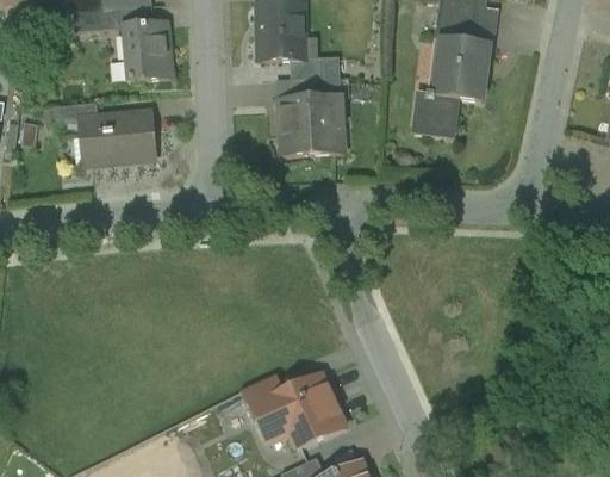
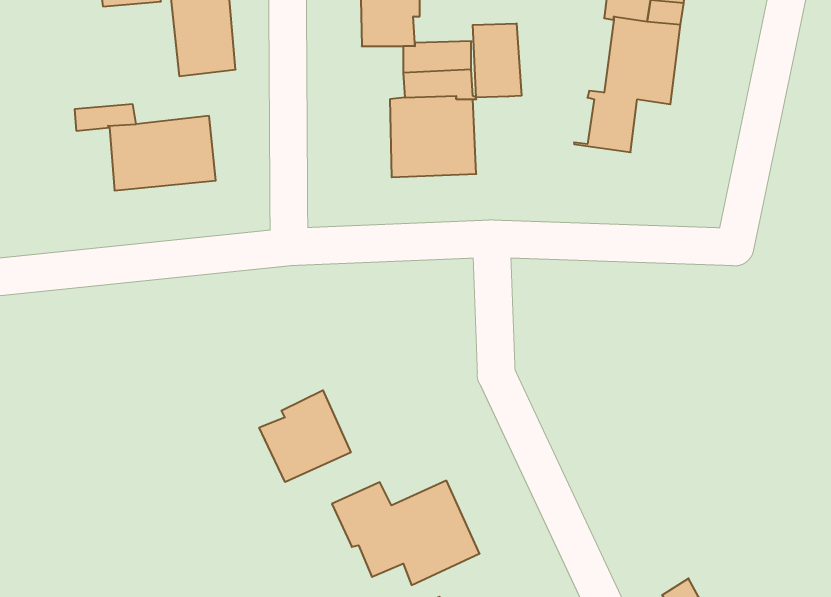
building: none -> [473,23,521,98]
building: none -> [259,390,351,482]

